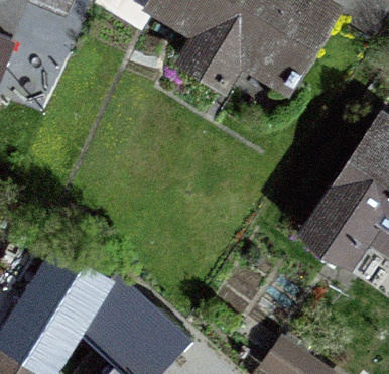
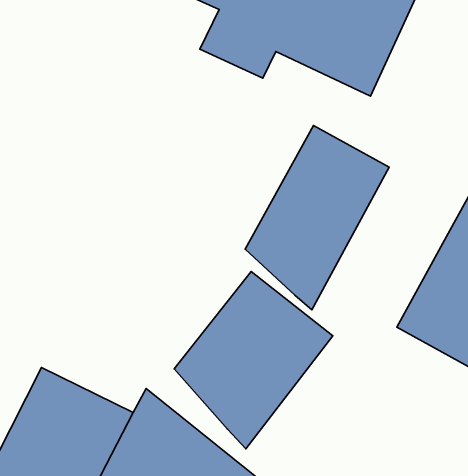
building: none -> [245,126,389,310]
building: none -> [174,272,333,449]

